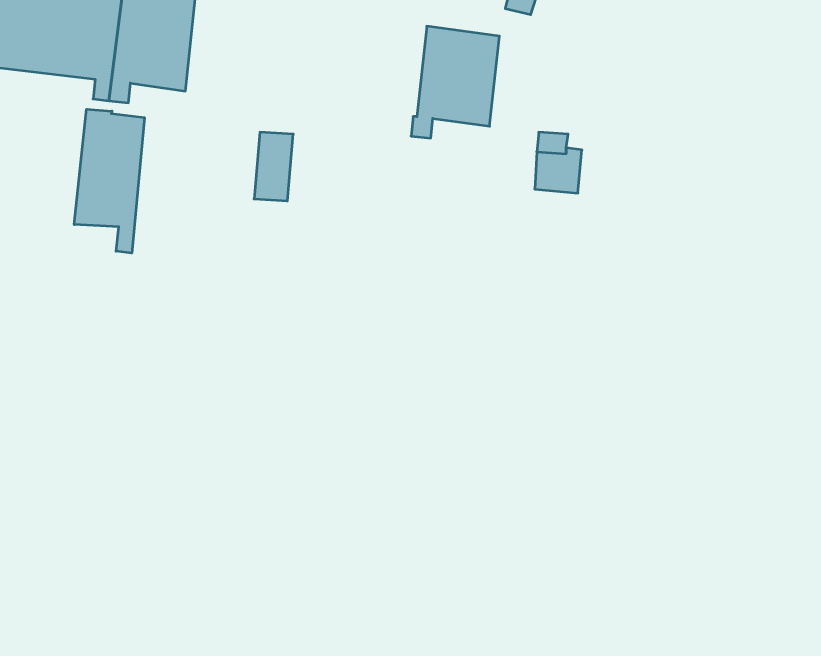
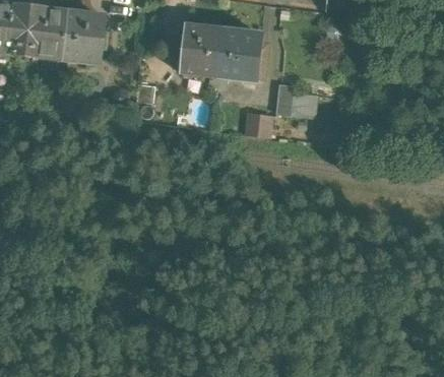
building: none -> [180,23,224,84]
building: [74,109,144,253] -> none
building: none -> [245,112,273,134]

